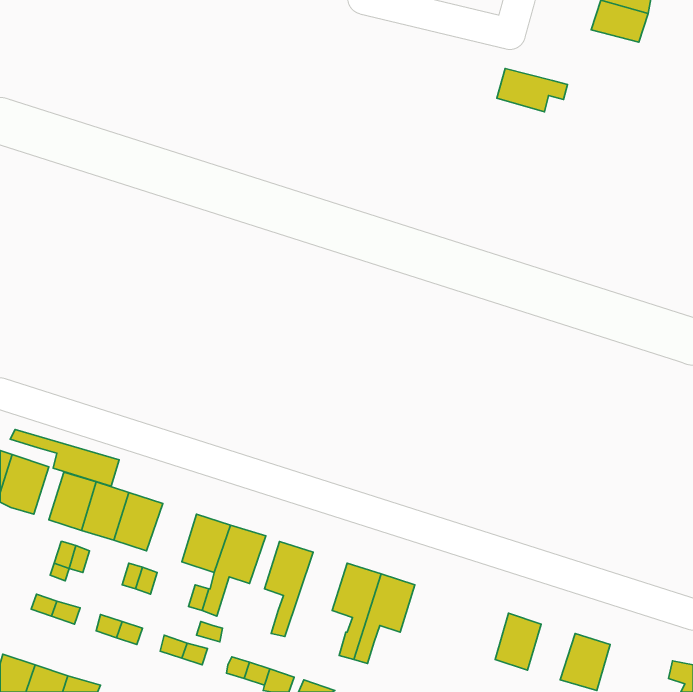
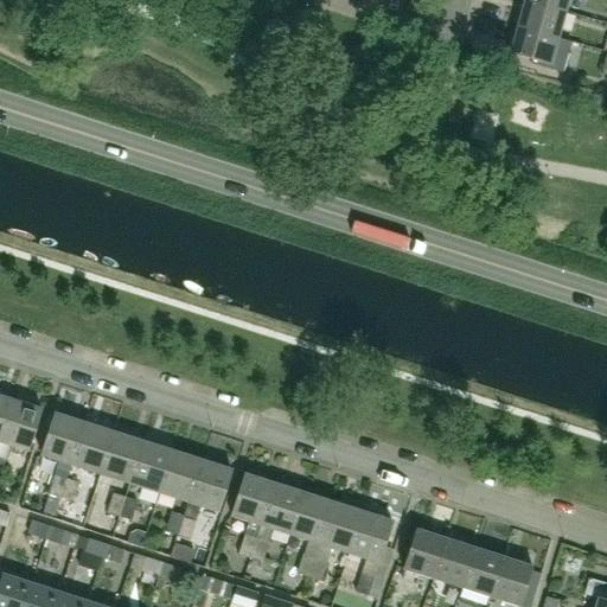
building: [497,68,567,112] -> [510,26,571,64]
building: [10,429,119,486] -> none
building: none -> [128,440,172,491]
building: none -> [249,483,304,561]
building: none -> [350,511,392,598]
building: none -> [403,528,445,576]
building: none -> [461,545,503,594]

